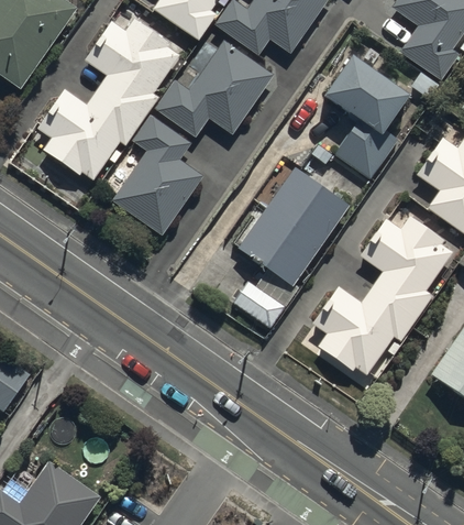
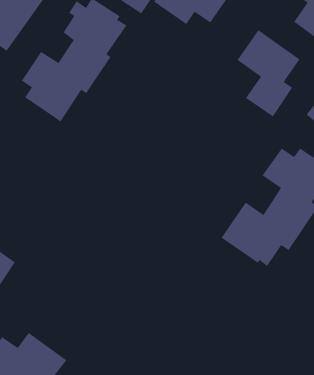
building: [154,41,274,138] -> none
building: [112,113,203,233] -> none
building: [240,169,351,286] -> none

